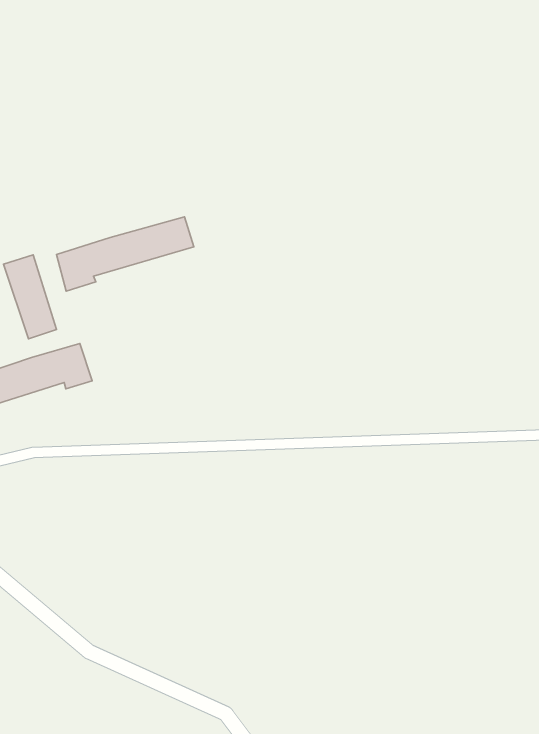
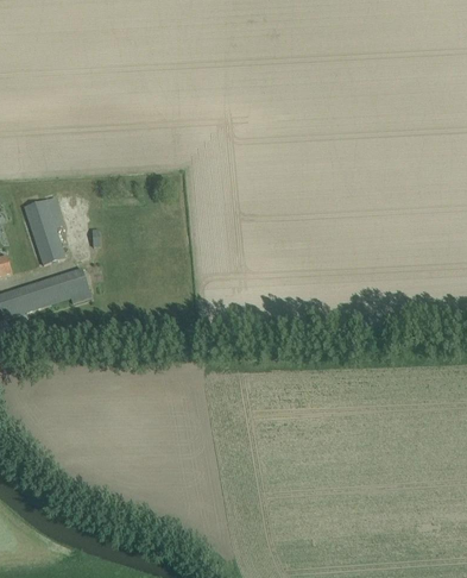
building: [56,217,194,291] -> none

